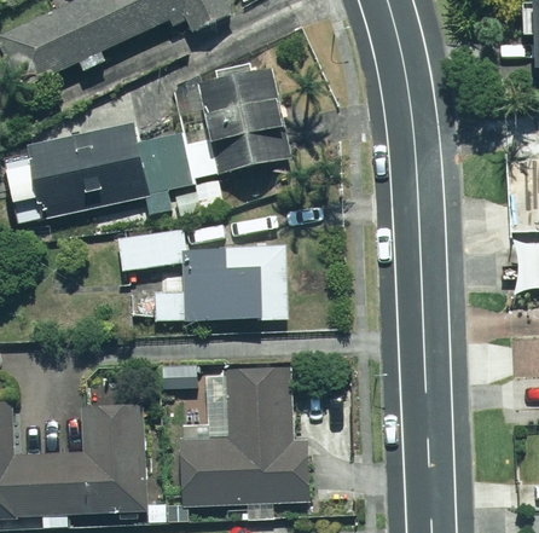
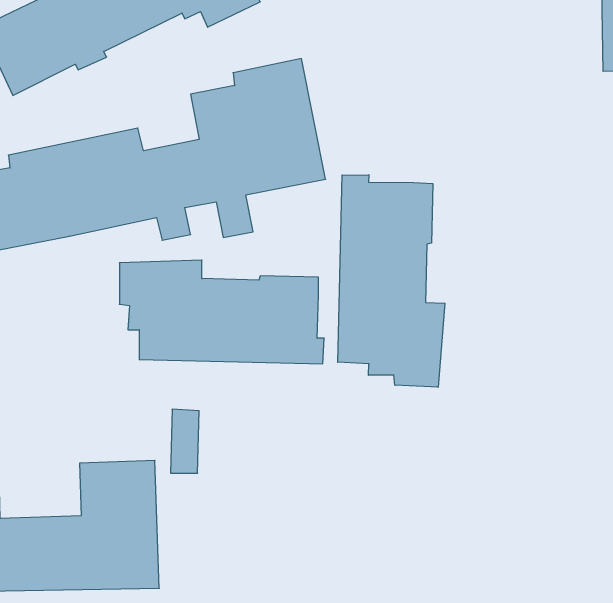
building: none -> [338,175,445,387]
building: [179,367,309,502] -> none

